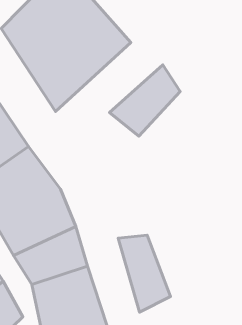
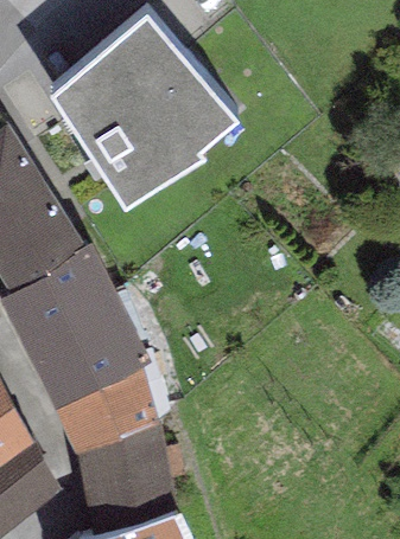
building: [110,65,180,136] -> none
building: [118,235,170,312] -> none

